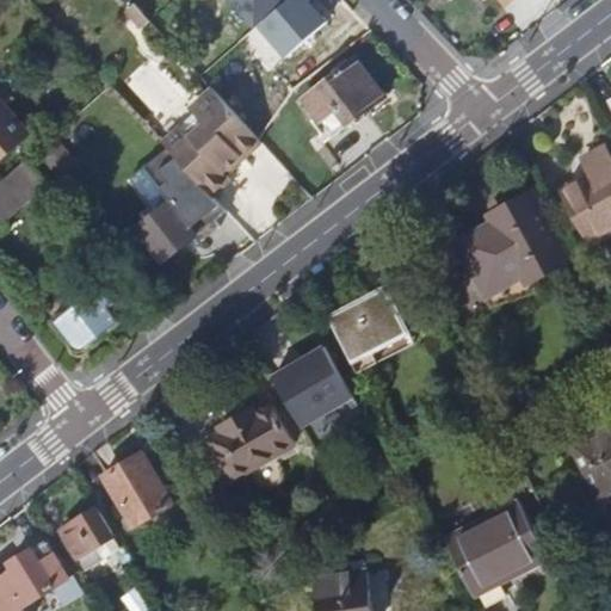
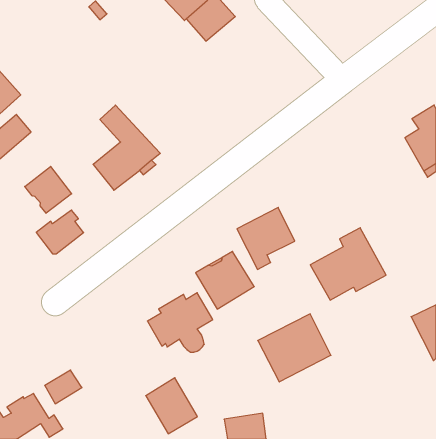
building: [302,58,382,123] -> none
building: [158,86,258,197] -> none
building: [461,193,566,294] -> [310,228,386,300]
building: none -> [25,166,72,213]
building: [103,452,174,530] -> [146,378,197,434]
building: [439,501,541,595] -> [258,314,331,382]

